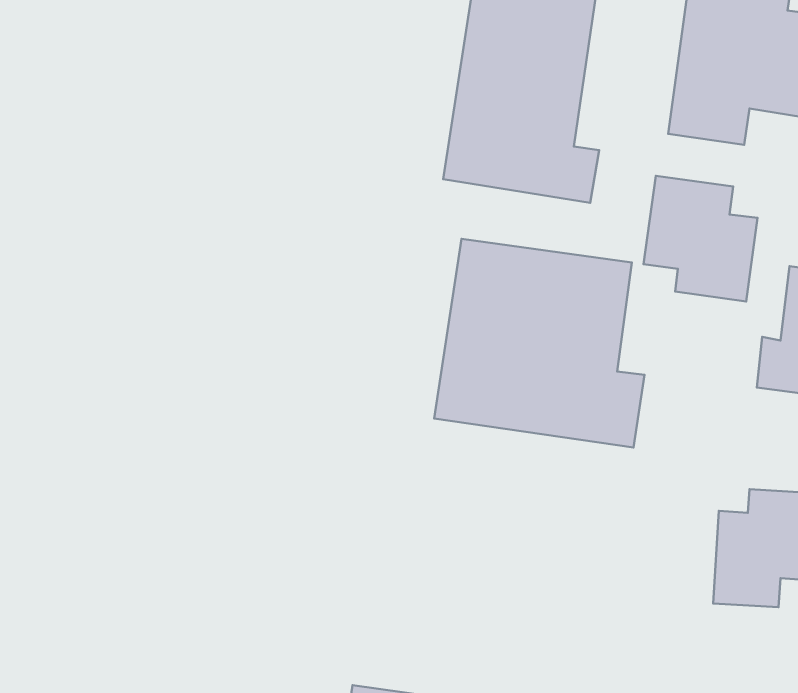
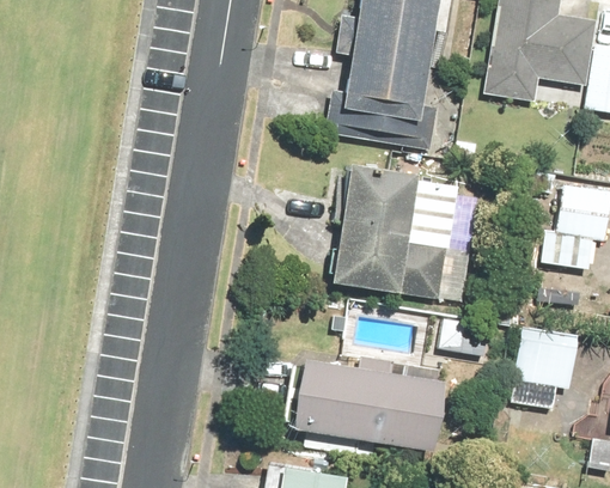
building: [643,176,758,301] -> none
building: none -> [293,346,444,455]

